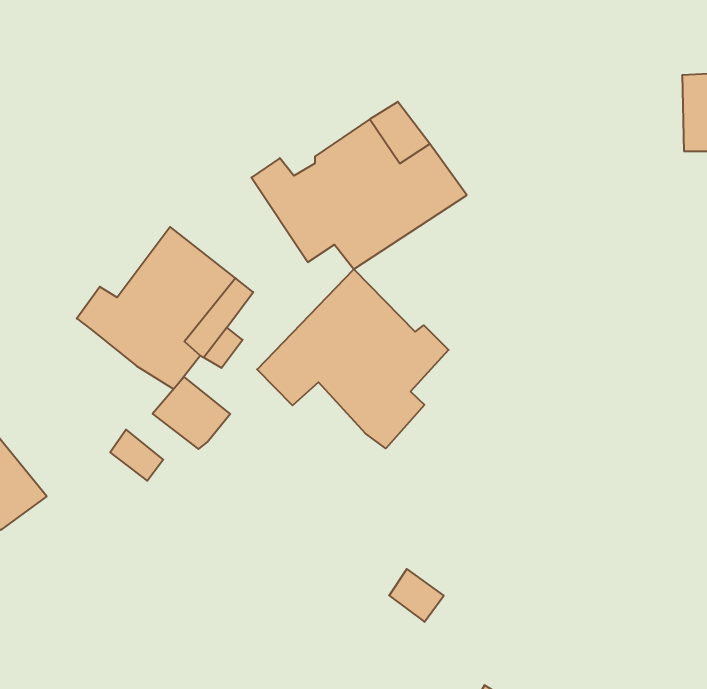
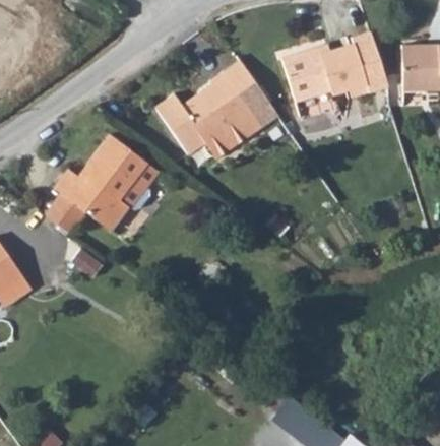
building: none -> [279,34,378,102]
building: [257,269,449,448] -> none
building: [153,377,230,449] -> [44,193,88,235]

